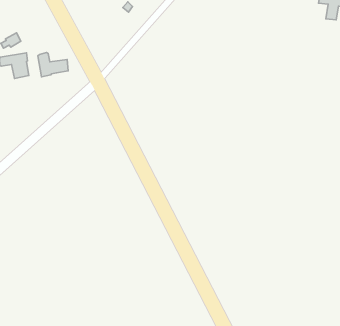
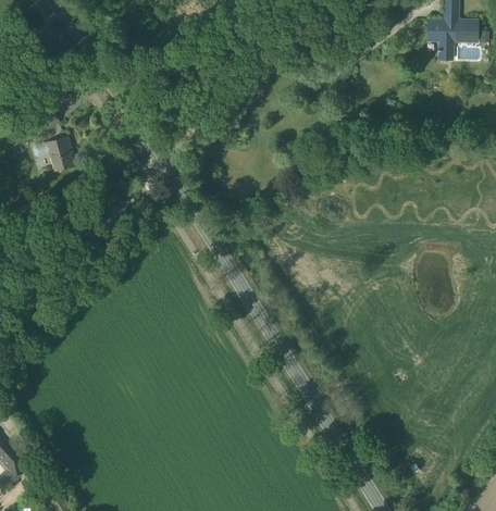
building: [38,53,68,77] -> none

